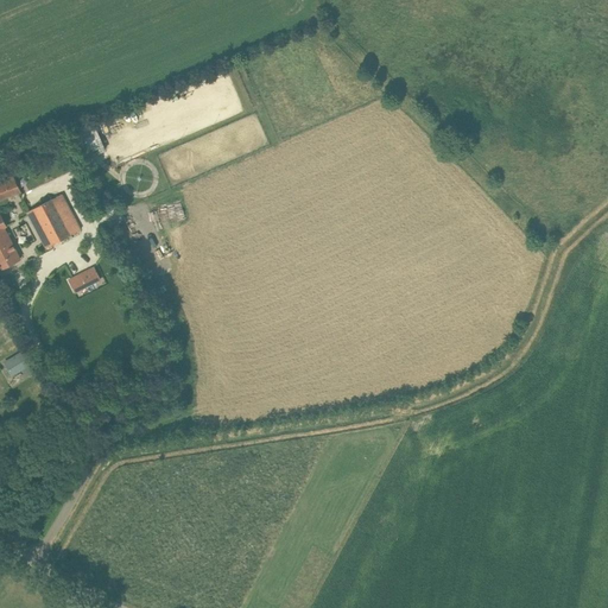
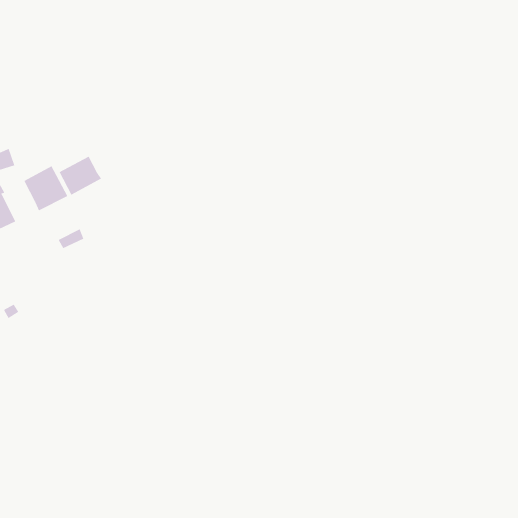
building: none -> [59,156,102,196]

